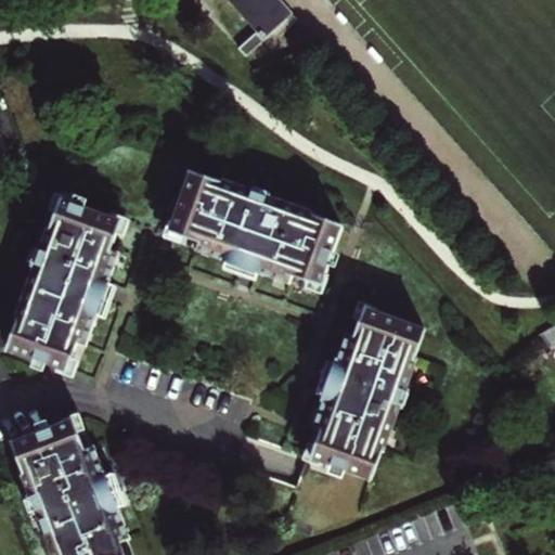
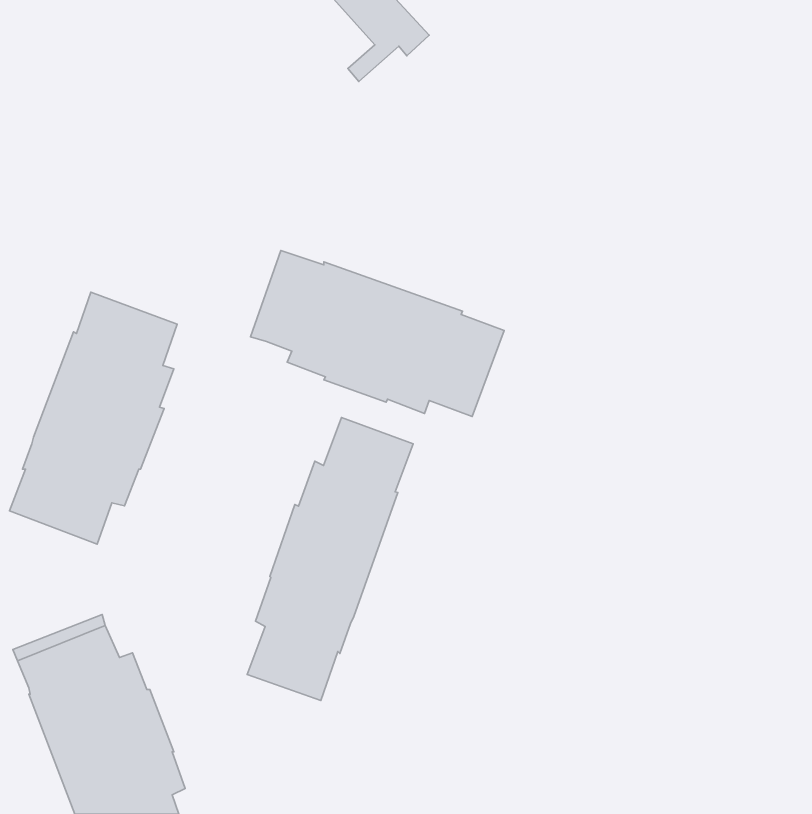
building: none -> [247,417,413,700]
building: [309,307,423,478] -> none

